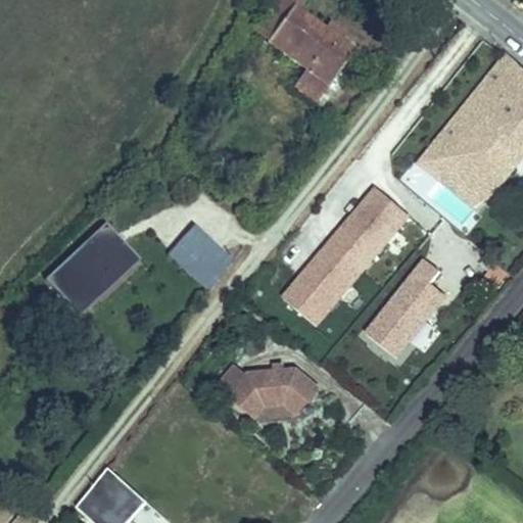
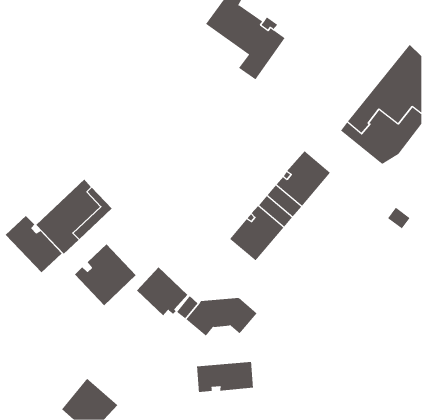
building: [168,223,232,284] -> [136,267,188,316]
building: [366,257,445,355] -> none
building: none -> [5,215,63,273]
building: none -> [74,244,136,306]
building: none -> [197,361,253,393]

